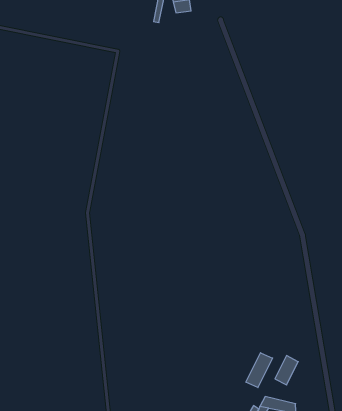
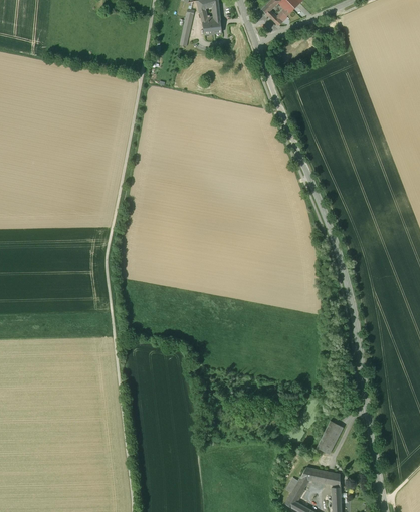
building: [246,353,273,388] -> none

